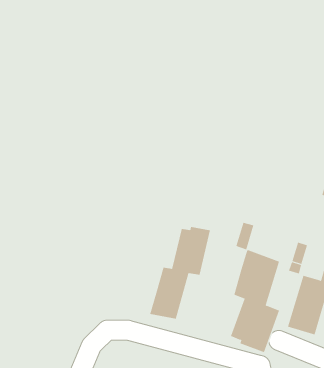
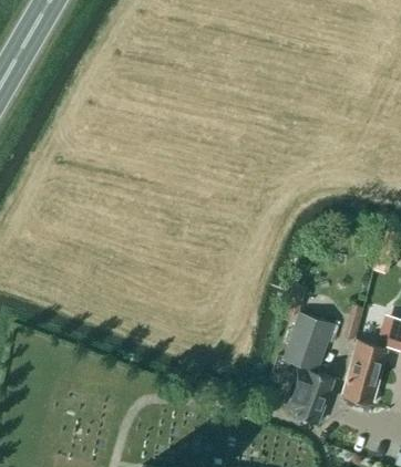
building: [150,226,211,319] -> none

